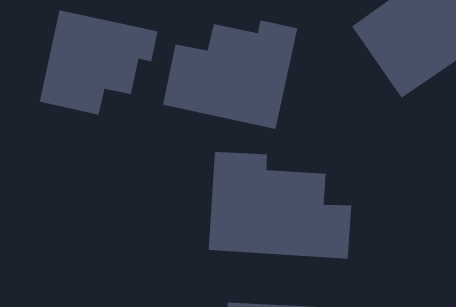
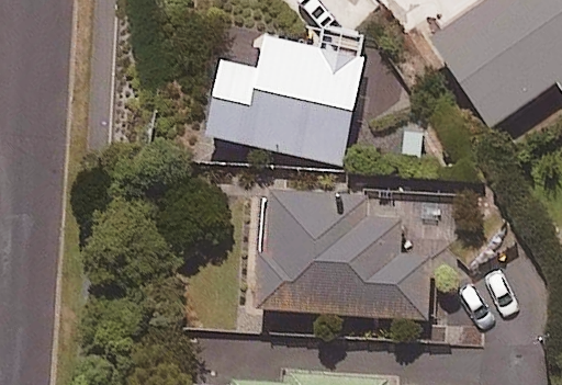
building: [39,10,158,115] -> none

